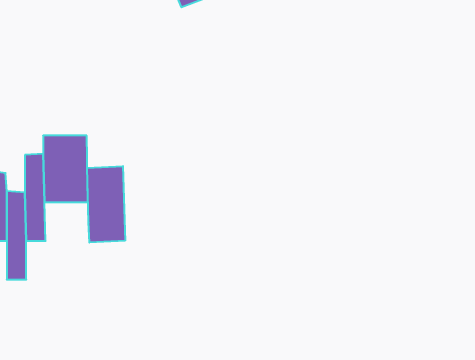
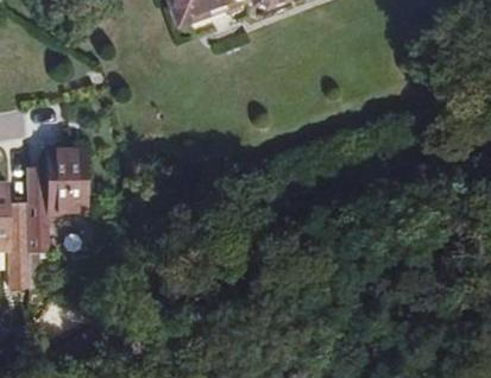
building: [87,166,125,243] -> none

